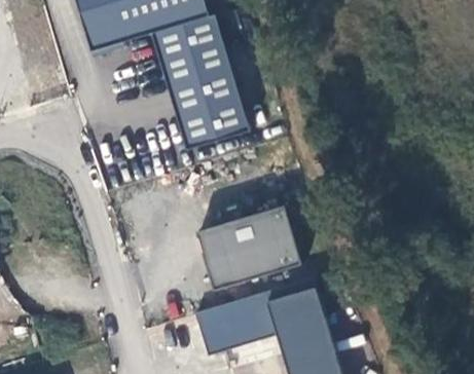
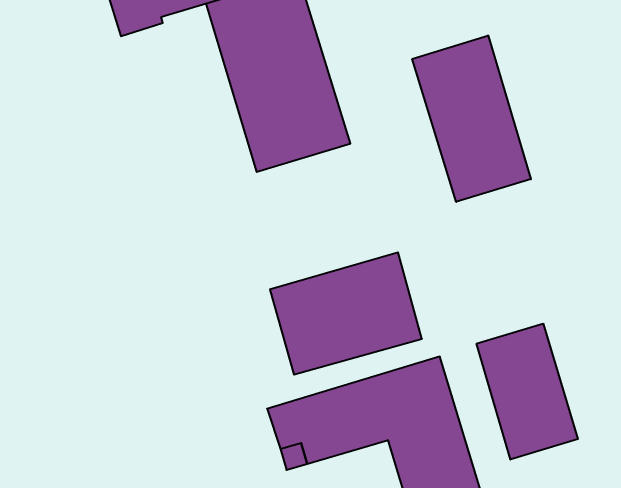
building: none -> [412,35,531,202]
building: none -> [477,324,578,460]

